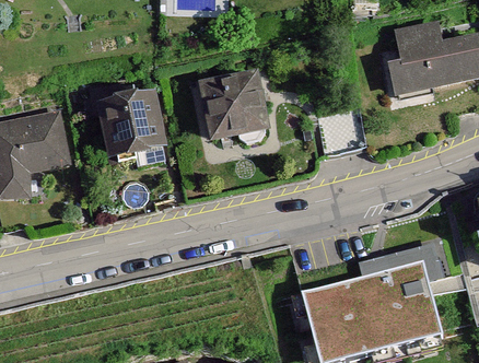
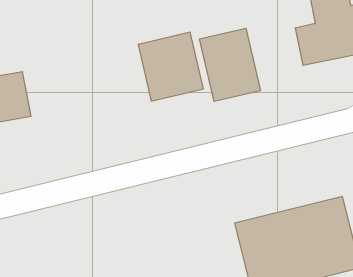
building: none -> [200,28,260,101]
building: [90,83,171,161] -> none

